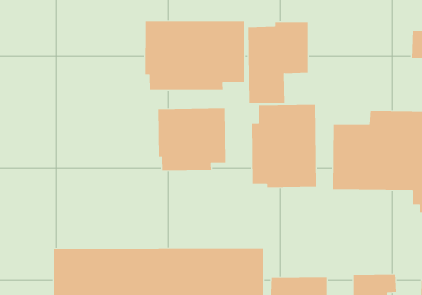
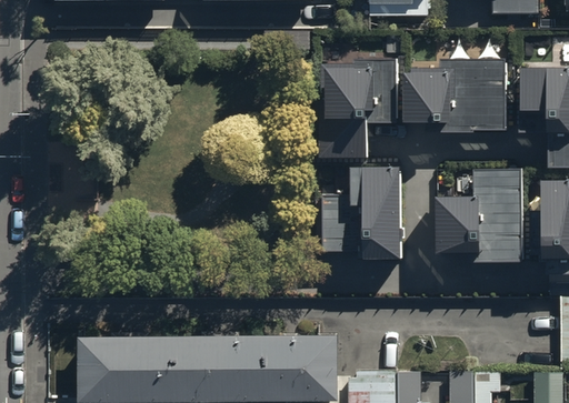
building: [145,21,245,91] -> none
building: none -> [401,56,506,131]
building: [158,107,226,171] -> none

